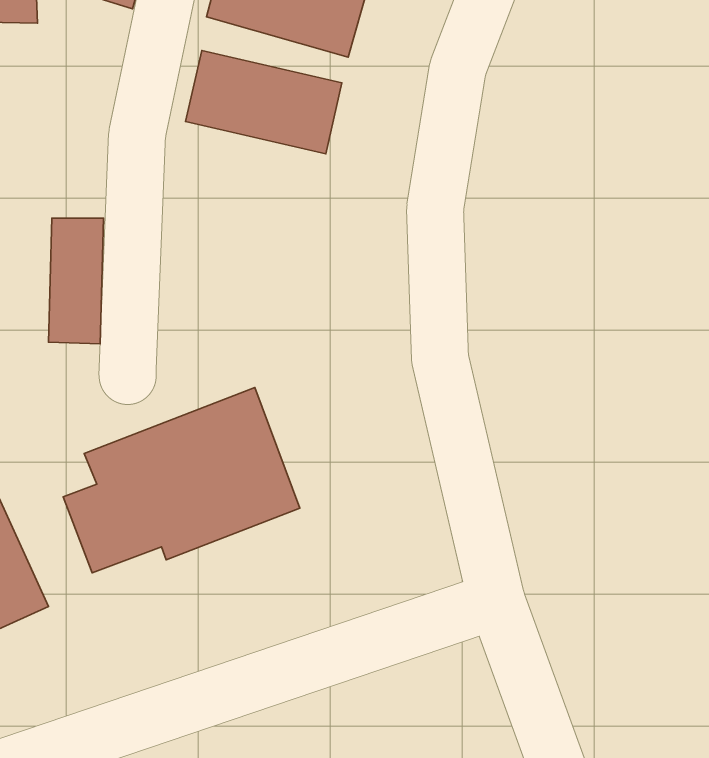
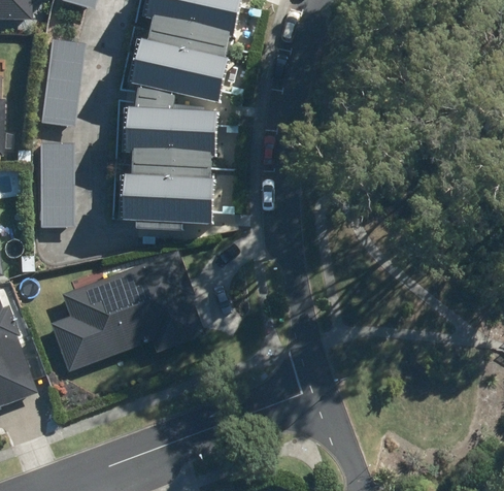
building: none -> [39,32,90,126]
building: none -> [123,106,219,158]
building: none -> [123,173,212,222]

